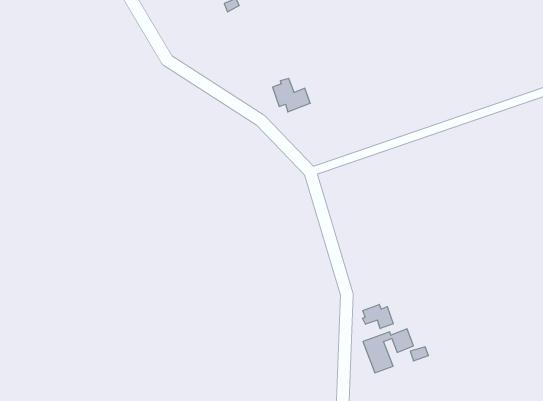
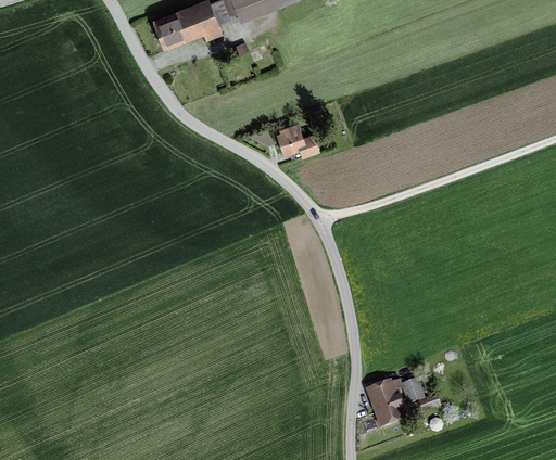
building: [363,304,393,329] -> none

